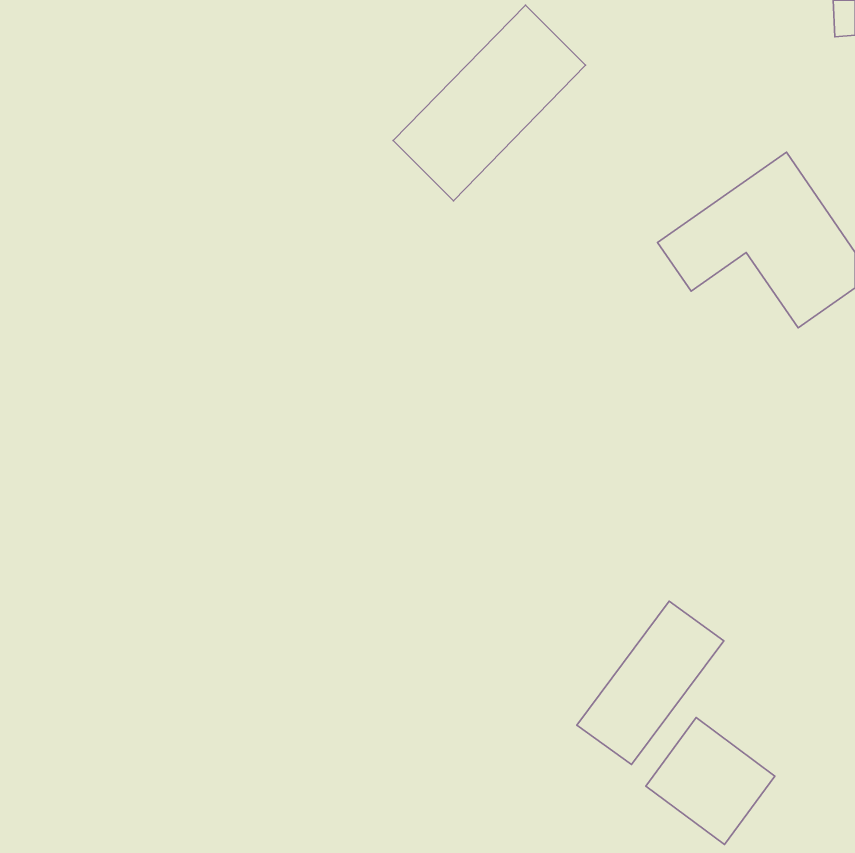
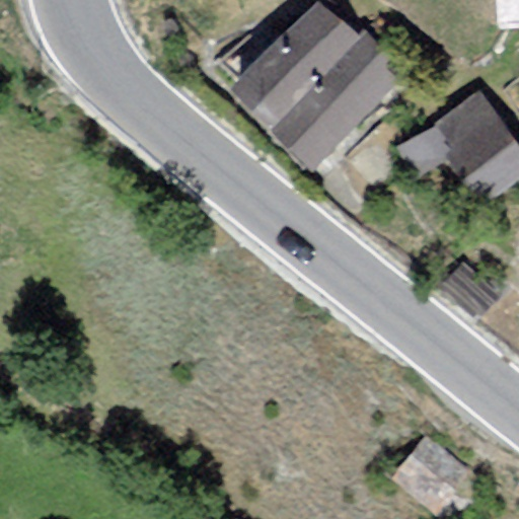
building: none -> [275,28,404,161]
building: [577,601,724,765] -> none

